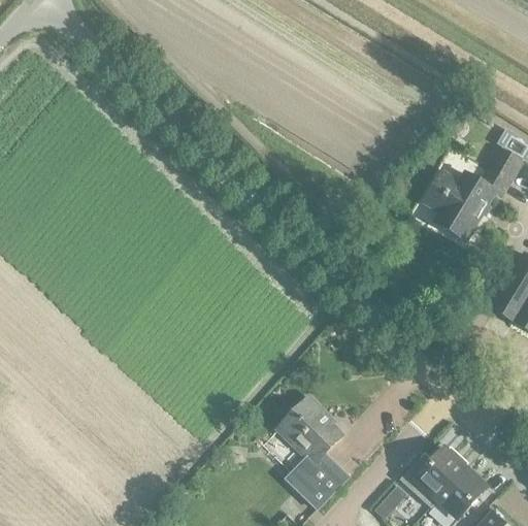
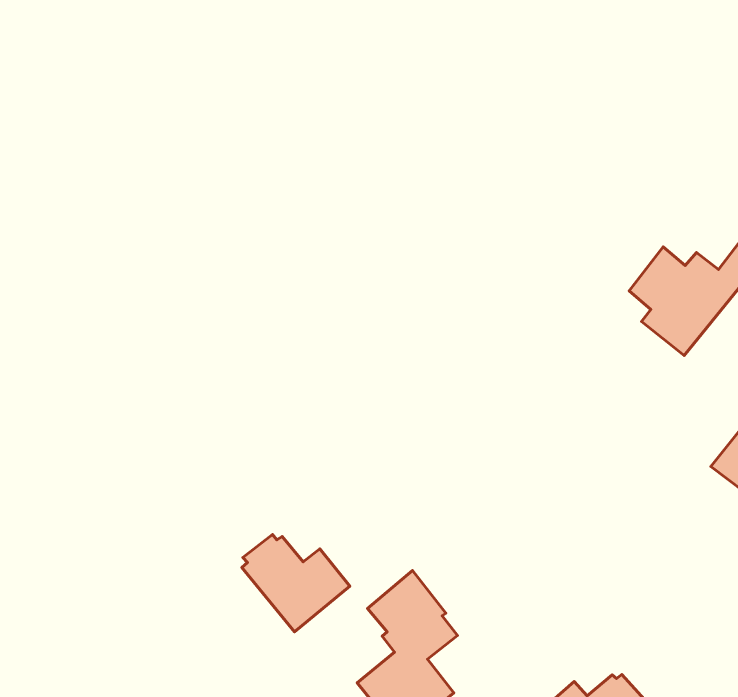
building: none -> [242,535,350,632]

